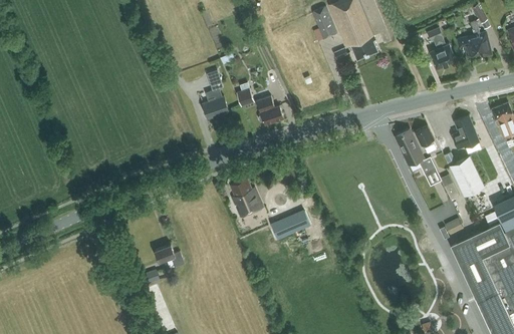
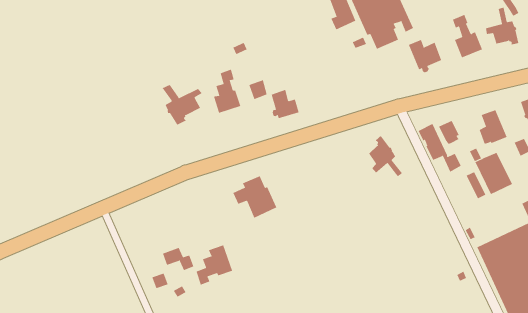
building: none -> [408,39,442,73]
building: none -> [162,84,202,126]
building: none -> [368,135,403,177]
building: [271,210,311,239] -> none
building: none -> [196,244,233,285]

